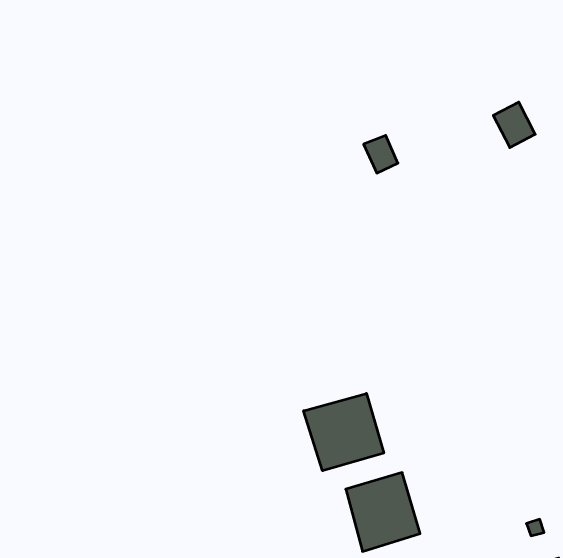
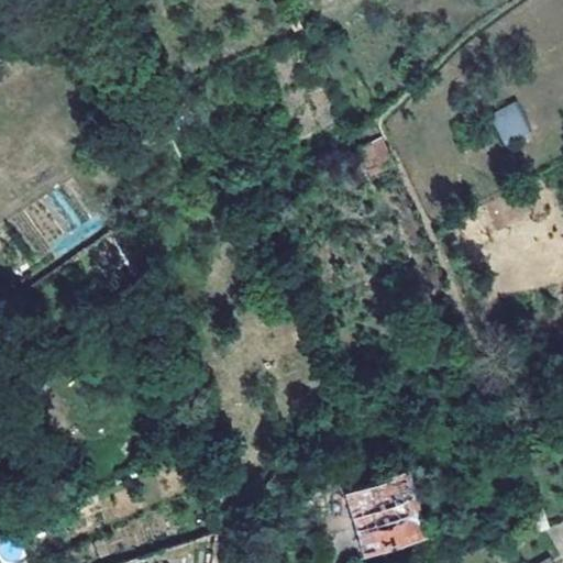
building: [304,393,384,471] -> none

